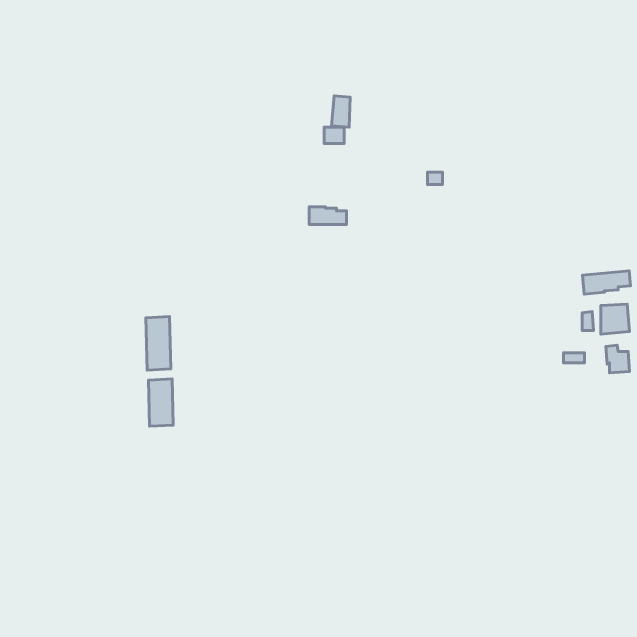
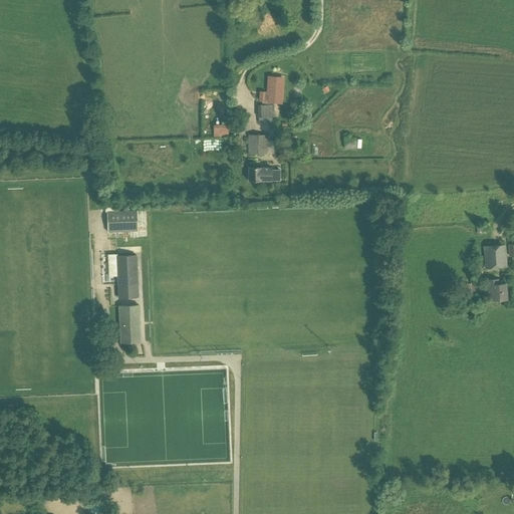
building: none -> [248,135,267,156]
building: none -> [107,212,138,233]
building: [582,271,630,294] -> none

